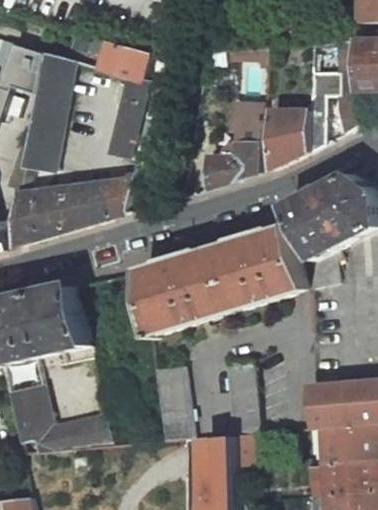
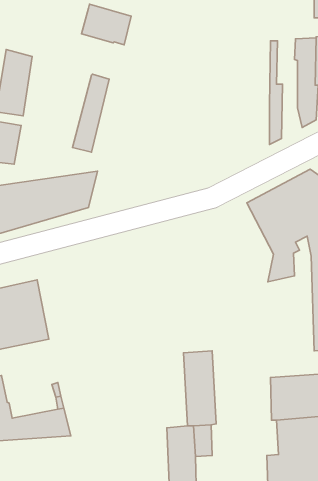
building: [98,39,148,80] -> [82,4,131,45]
building: [209,102,263,187] -> none
building: [269,108,310,169] -> none
building: [142,225,307,335] -> none
building: [154,364,192,438] -> none

